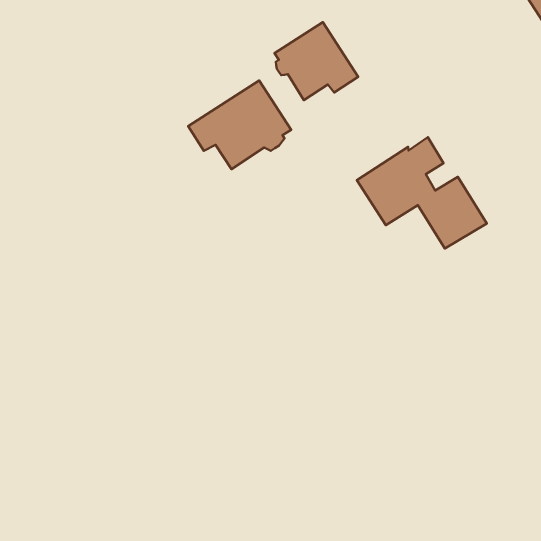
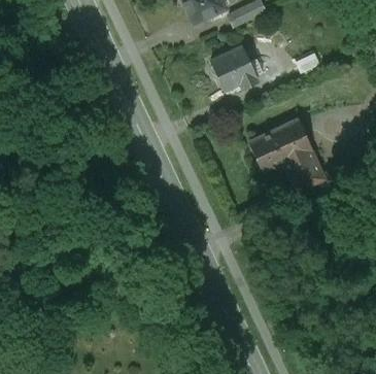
building: [188,81,291,169] -> none

